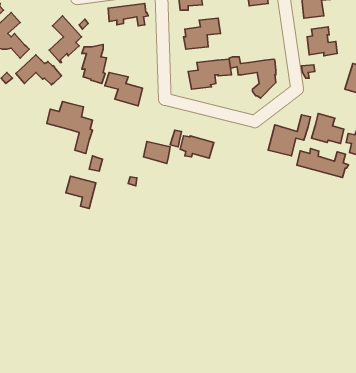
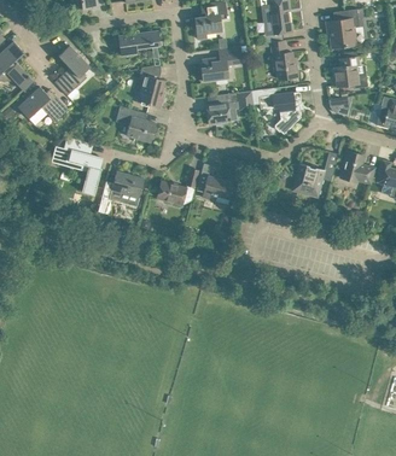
building: none -> [269,41,297,80]
building: [82,45,106,84] -> [138,65,164,107]
building: [297,149,348,178] -> none
building: [66,176,96,208] -> [111,171,144,206]

